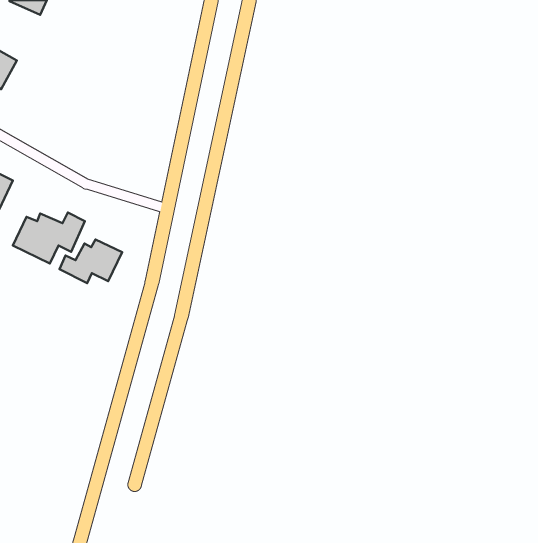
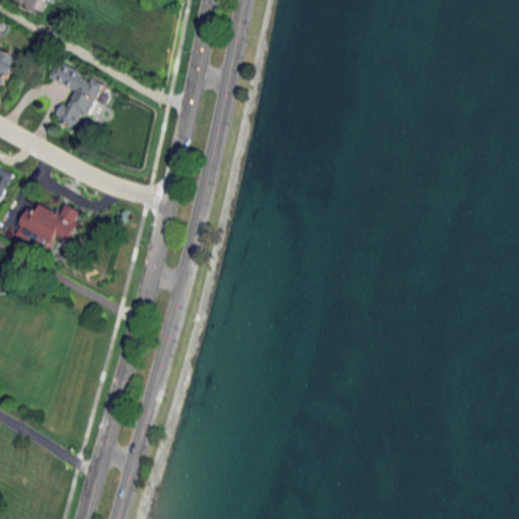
building: none -> [53,63,103,128]
building: [59,239,122,283] -> none

